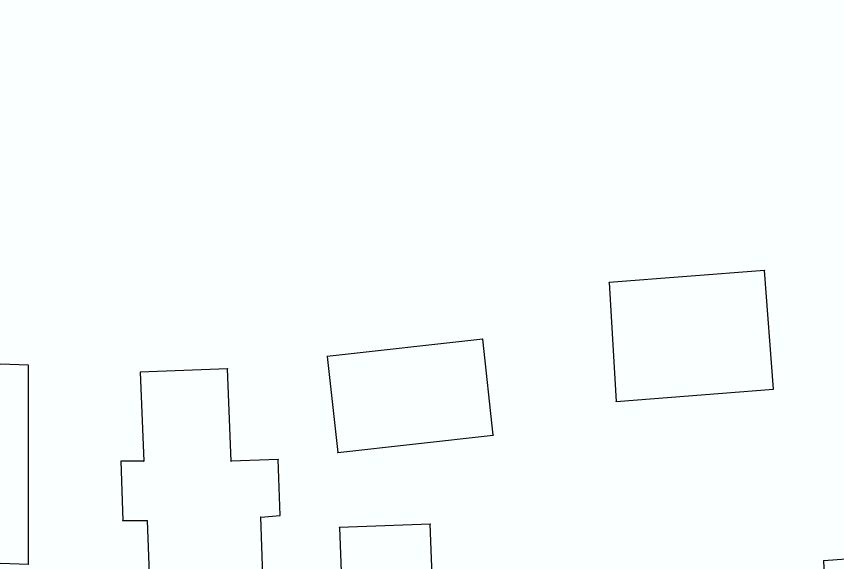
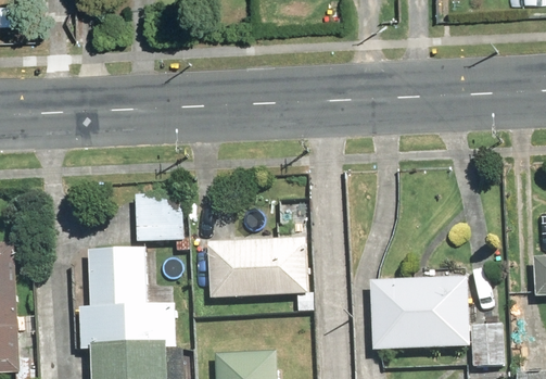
building: [609,270,773,401] -> [371,275,473,356]
building: none -> [134,193,185,237]

